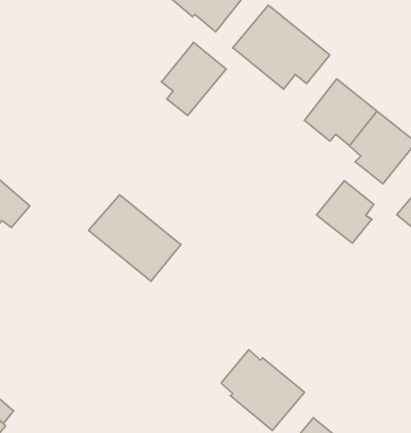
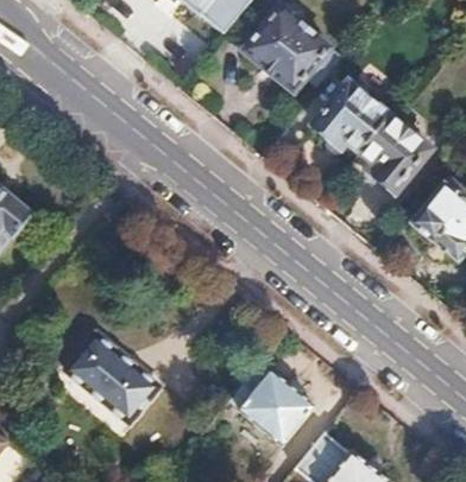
building: [161,42,226,115] -> none
building: [317,181,374,243] -> none
building: [89,195,181,281] -> [61,336,156,425]

